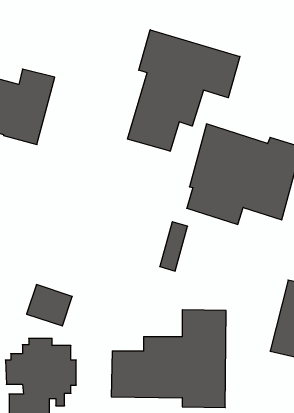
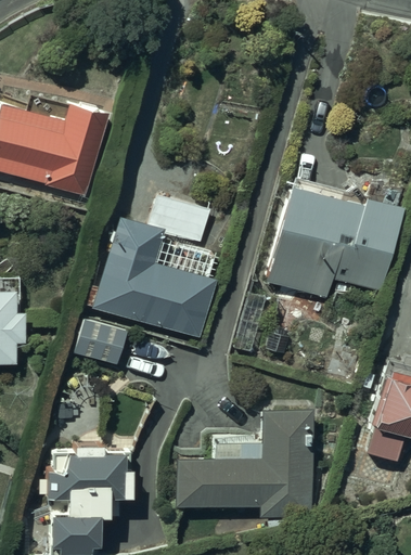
building: [128,30,240,151] -> none
building: none -> [92,196,217,340]
building: [27,285,72,326] -> [73,315,128,365]

